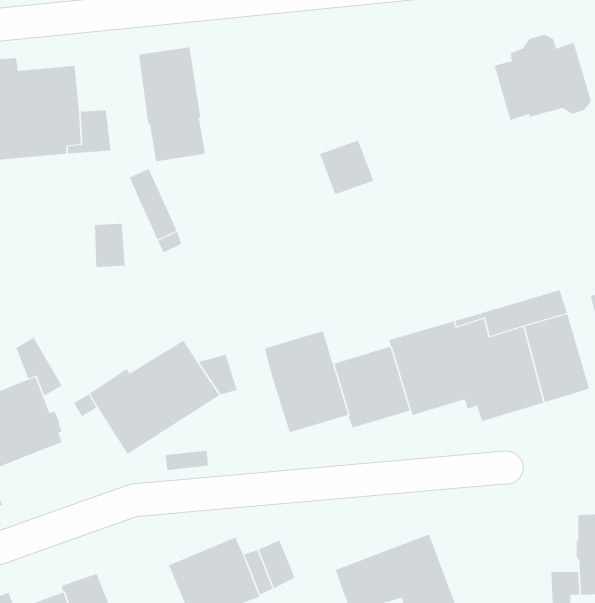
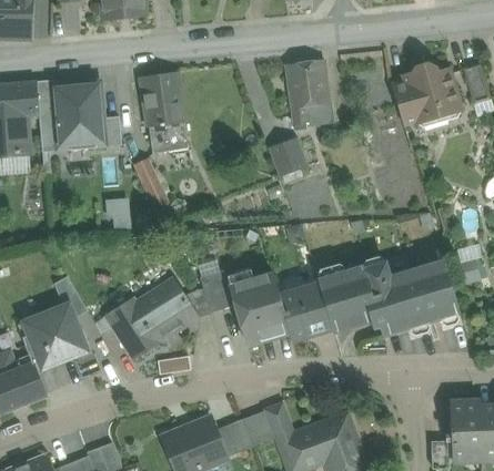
building: none -> [285,59,332,124]
building: none -> [200,269,235,313]
building: none -> [241,403,292,446]

